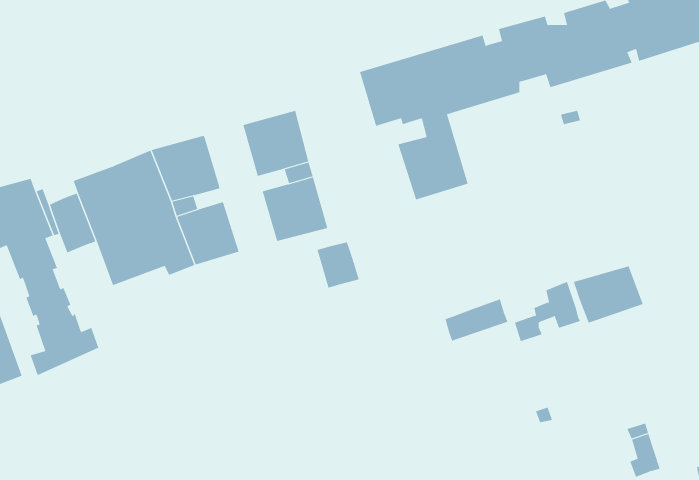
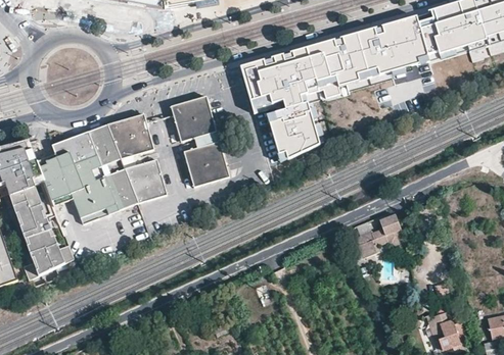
building: [317,241,360,289] -> none
building: [573,265,643,323] -> none
building: [445,299,508,342] -> none

